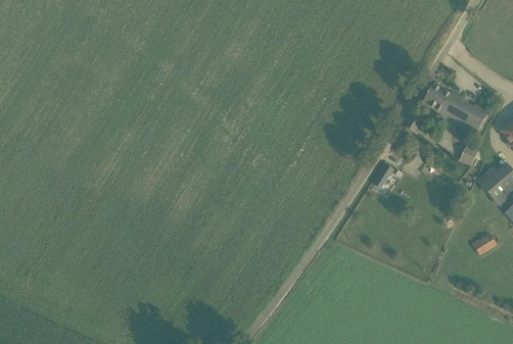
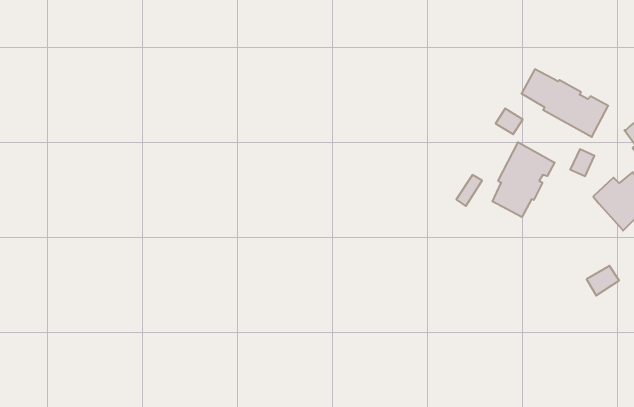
building: none -> [493,142,555,217]

